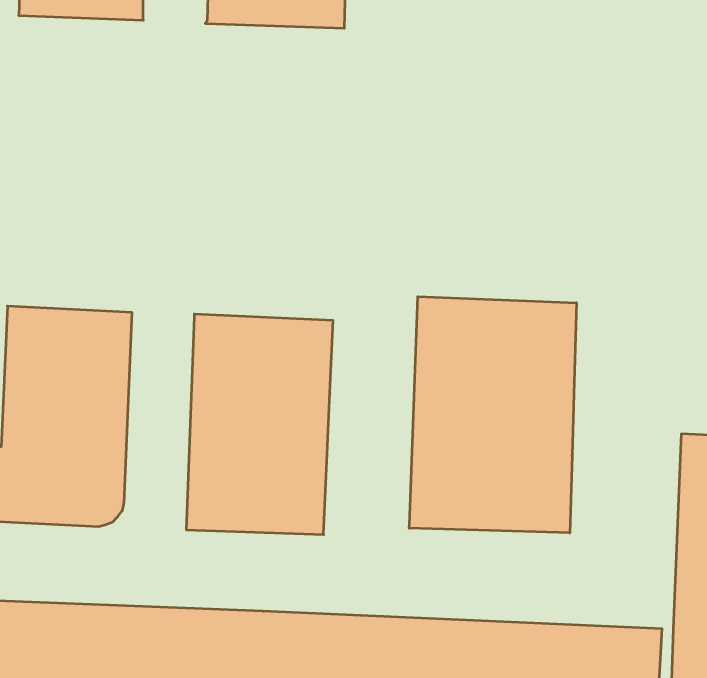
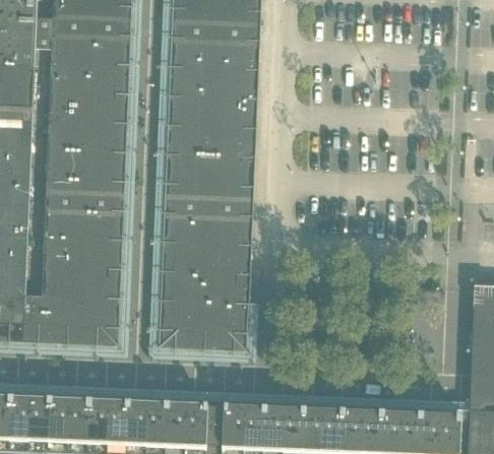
building: none -> [45,25,131,194]
building: none -> [164,30,259,199]
building: [409,297,576,533] -> none

